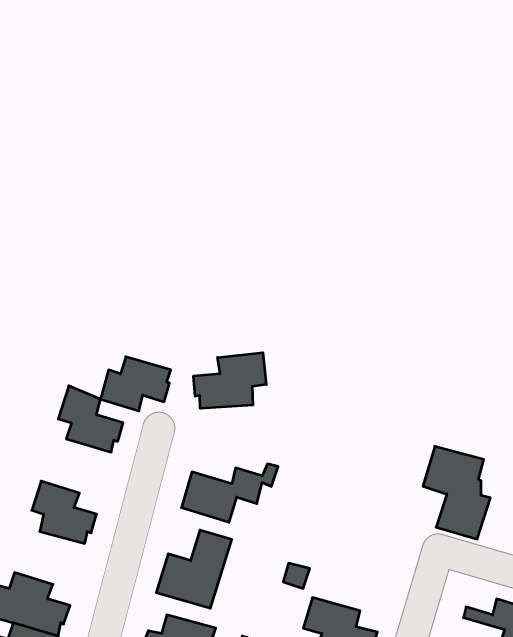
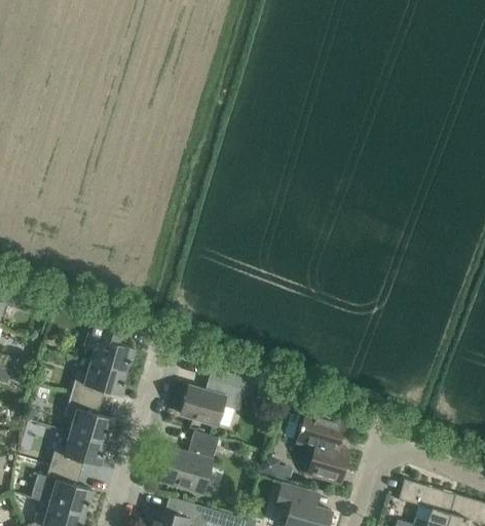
building: [194,353,266,408] -> none
building: [101,357,171,411] -> [71,362,125,404]
building: [423,446,490,539] -> [297,412,349,484]
building: none -> [50,434,105,475]

